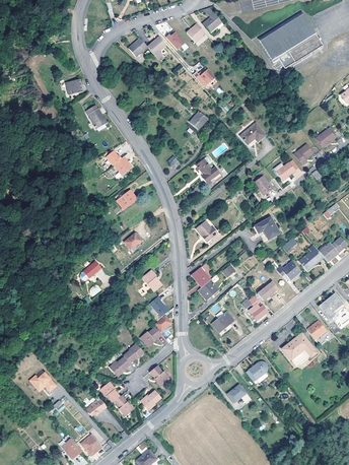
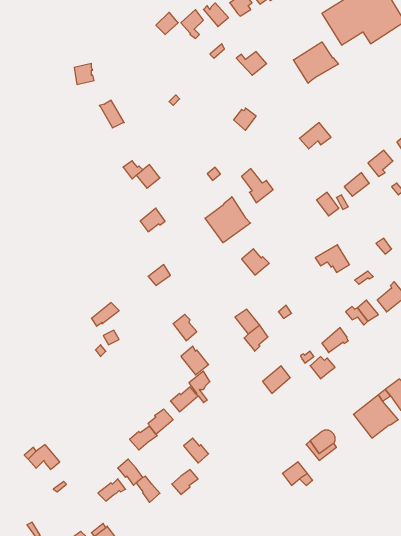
building: none -> [293,42,338,83]
building: none -> [205,197,251,243]

